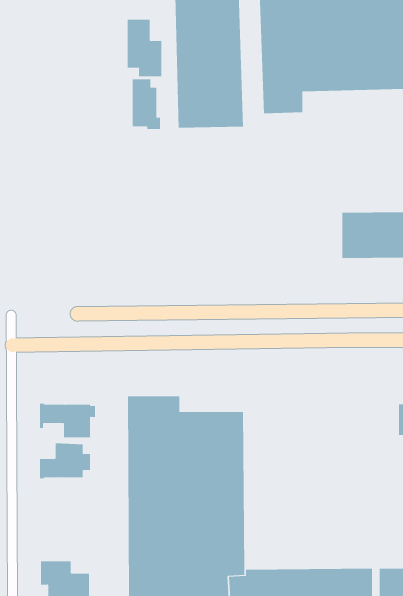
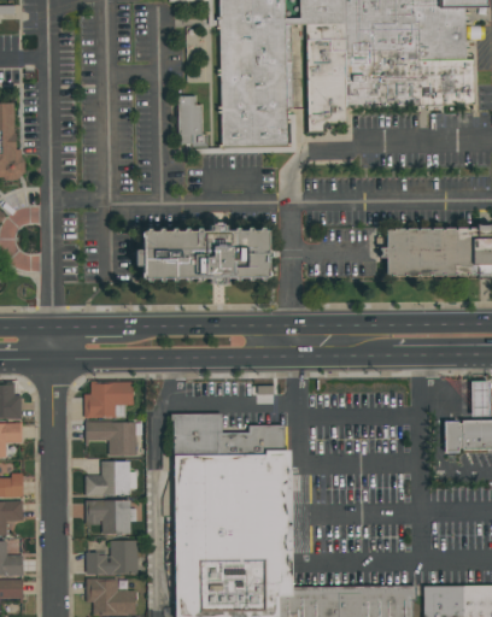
building: [127,19,162,77] -> none
building: none -> [144,233,270,280]
building: none -> [83,381,133,418]
building: none -> [84,500,129,534]
building: none -> [86,540,137,575]

